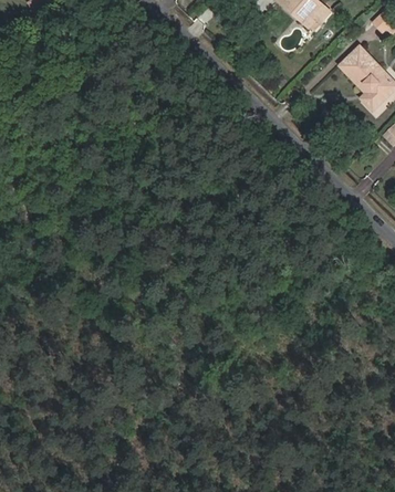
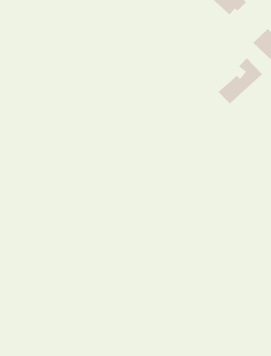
building: none -> [218,58,263,104]

